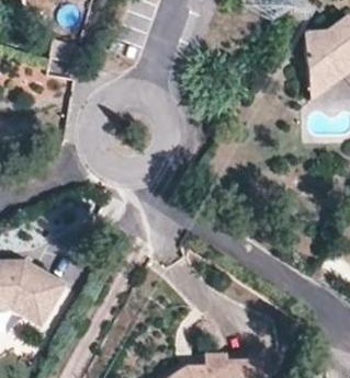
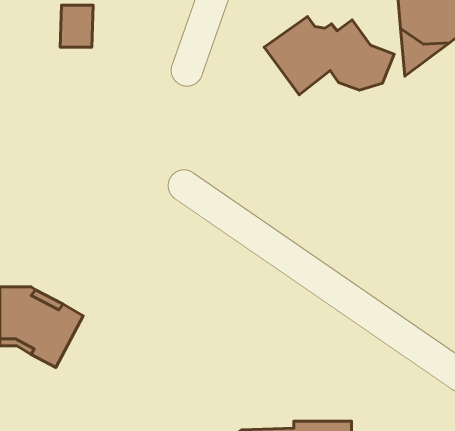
building: none -> [264,16,394,95]

